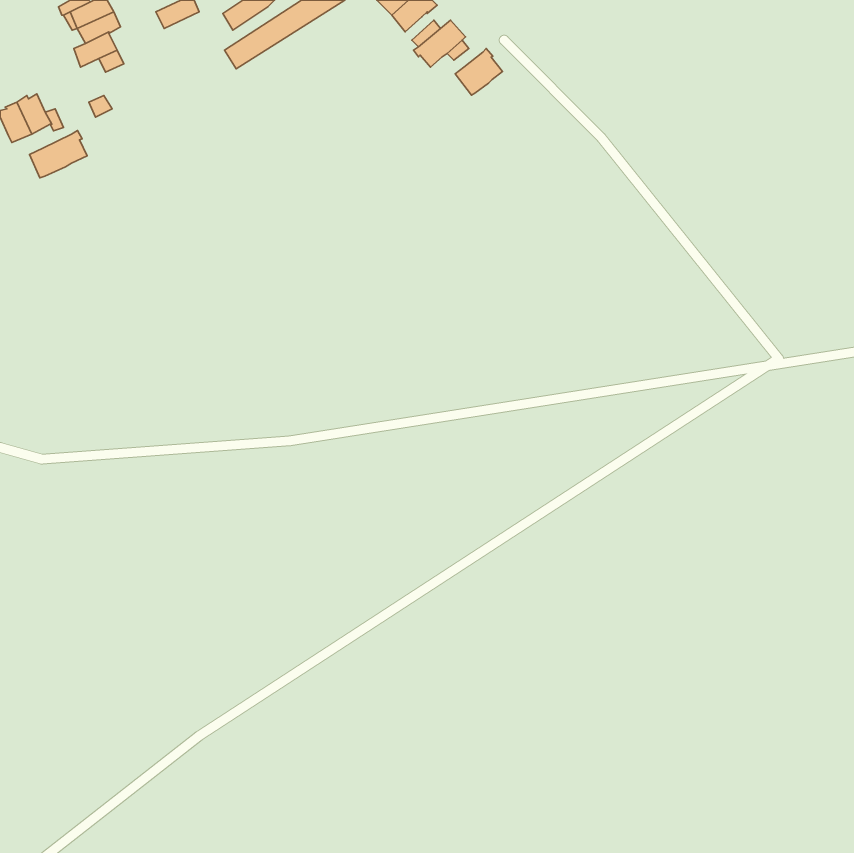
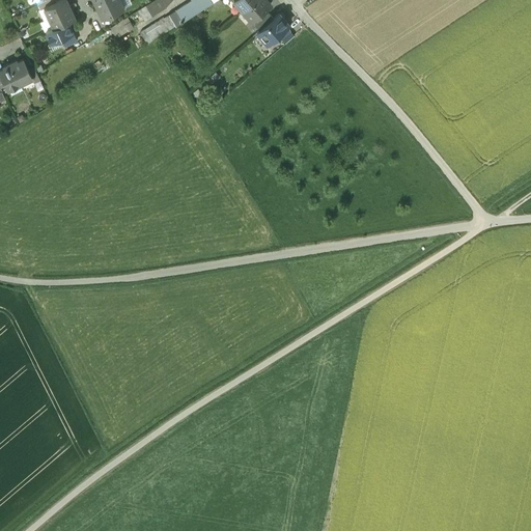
building: [455,49,502,95] -> none
building: [30,131,87,178] -> none

